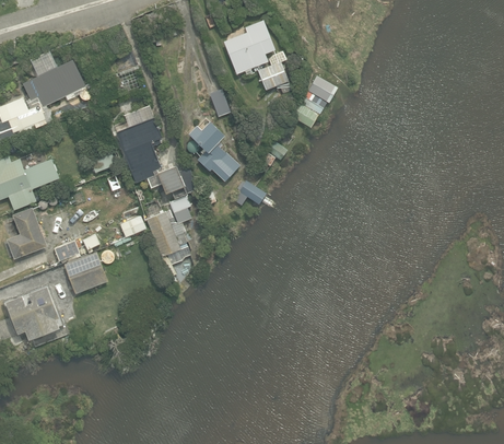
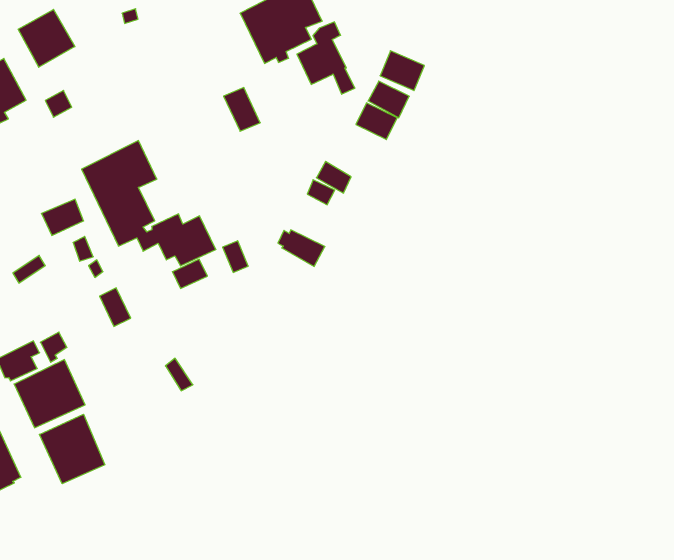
building: none -> [18,9,75,67]
building: [188,117,241,182] -> none
building: [146,212,187,256] -> none
building: none -> [39,414,105,484]

